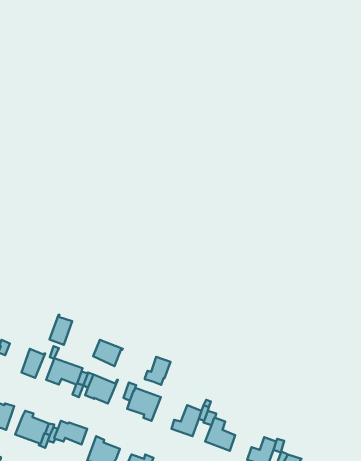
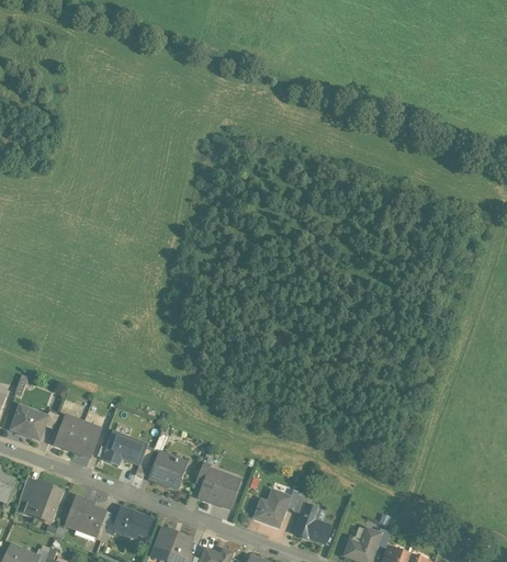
building: [49,315,72,345] -> [55,414,82,450]
building: [93,340,123,366] -> none
building: [145,357,171,385] -> none

